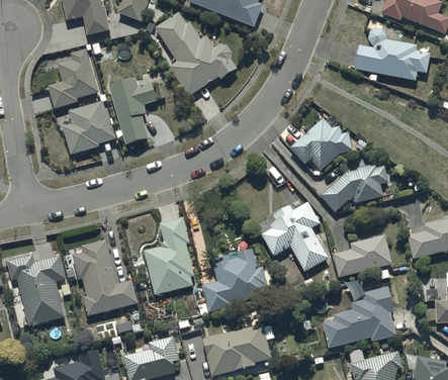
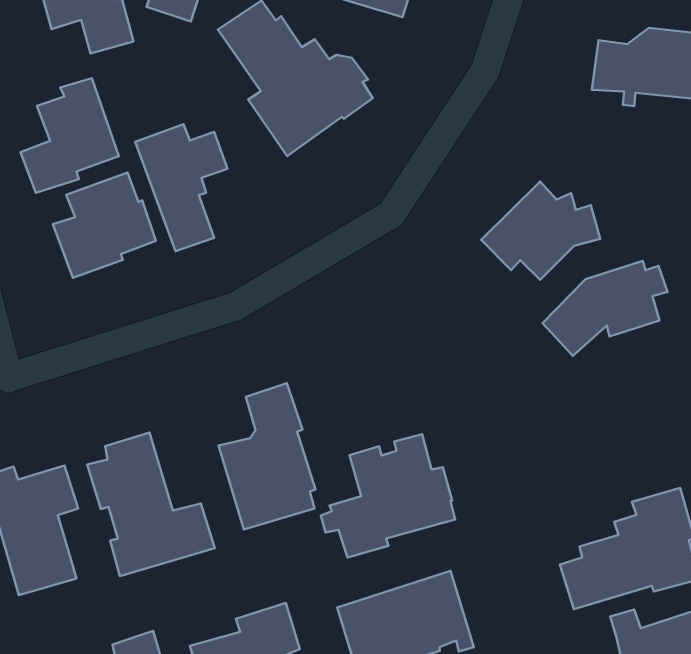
building: [261,200,327,272] -> none
building: [333,234,391,277] -> none

